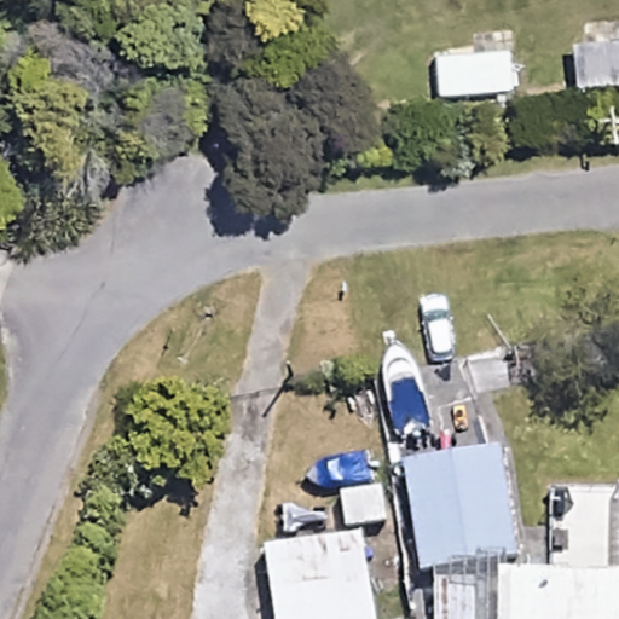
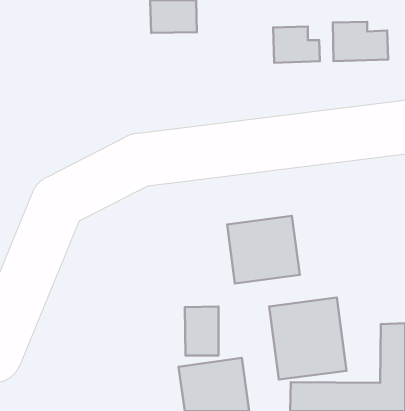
building: none -> [227,216,300,284]

